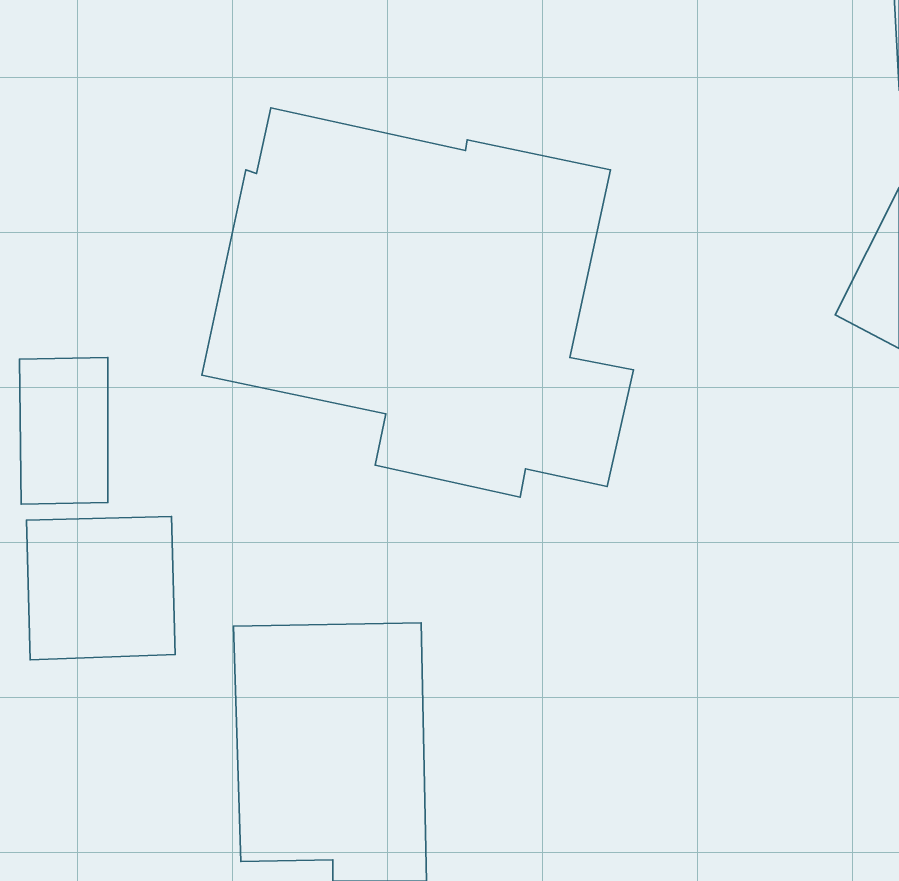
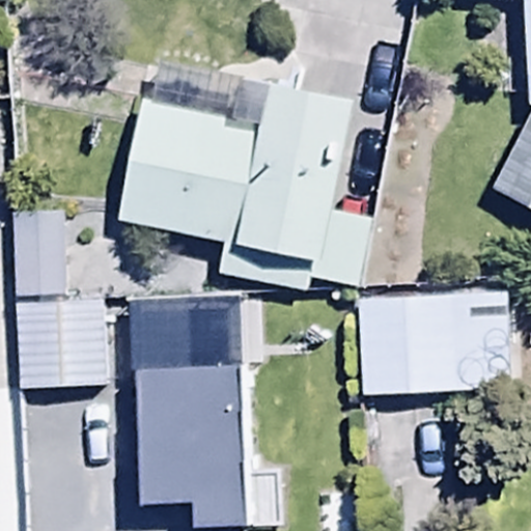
building: none -> [361,290,510,392]

